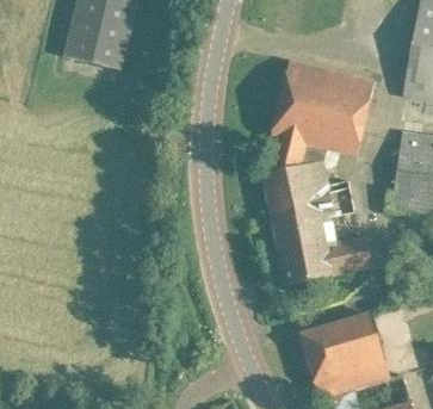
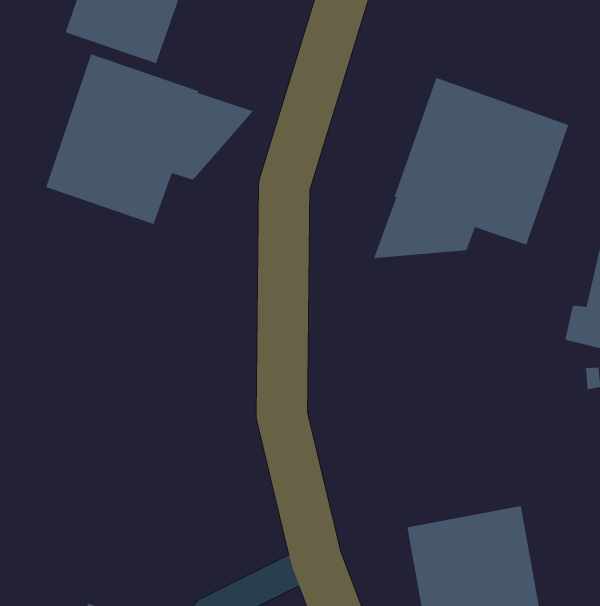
building: none -> [46,54,254,225]
building: [262,162,371,284] -> none

